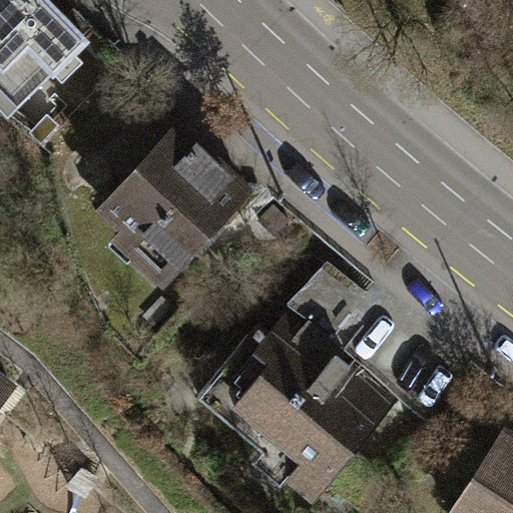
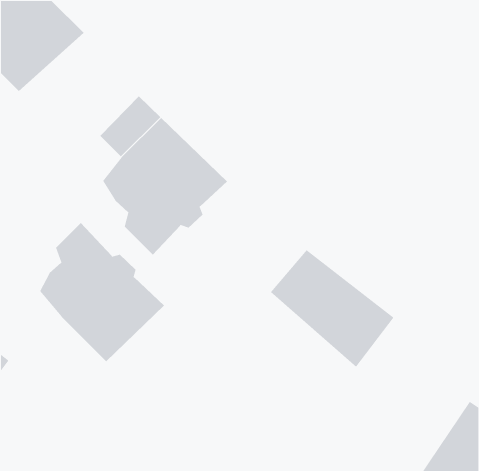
building: none -> [39,222,165,362]
building: [197,321,381,494] -> none

